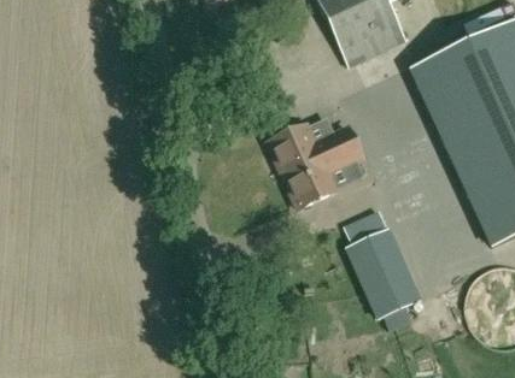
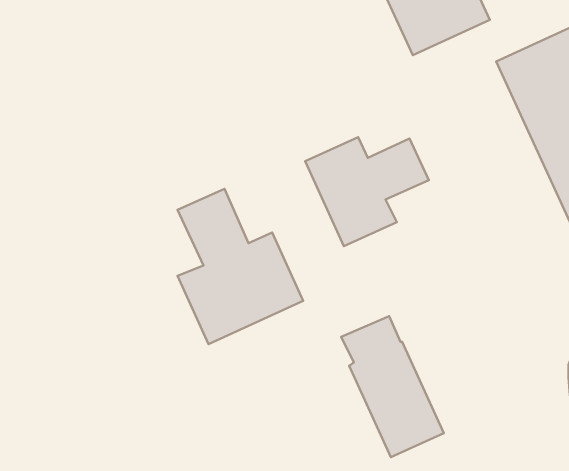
building: none -> [177,189,303,344]
building: [343,209,420,315] -> [341,316,444,457]

